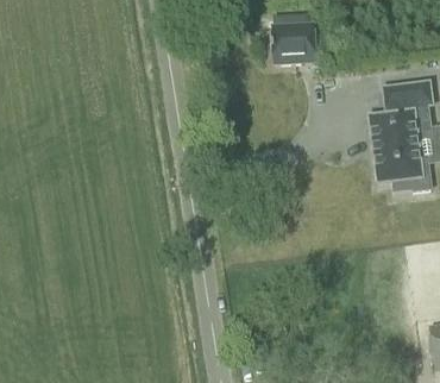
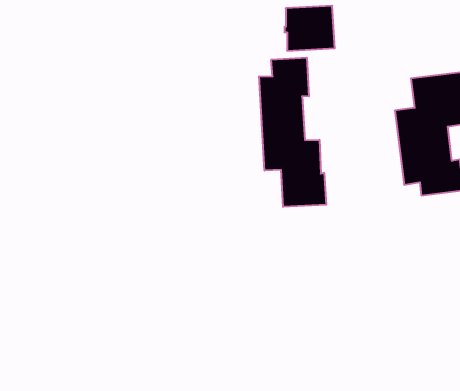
building: none -> [259,58,326,207]

